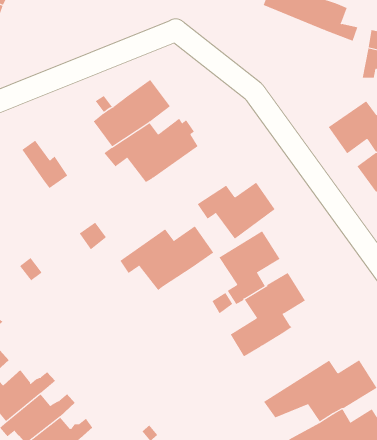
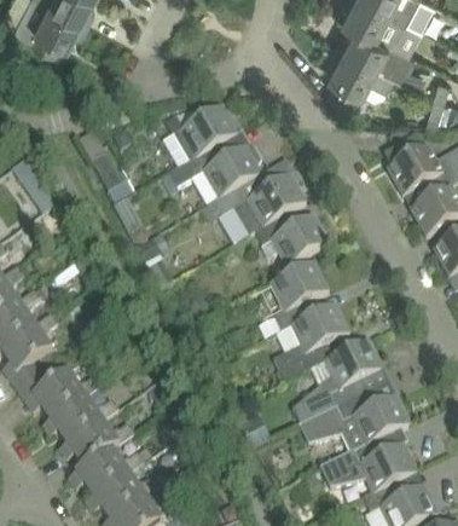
building: none -> [327,42,394,104]
building: [119,225,214,291] -> [215,172,307,231]
building: none -> [292,336,383,423]

